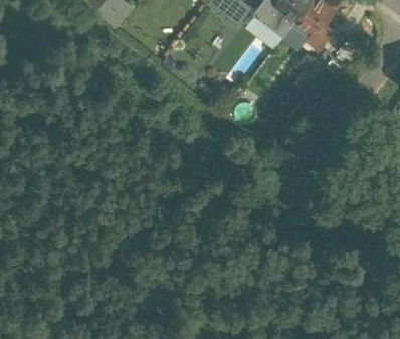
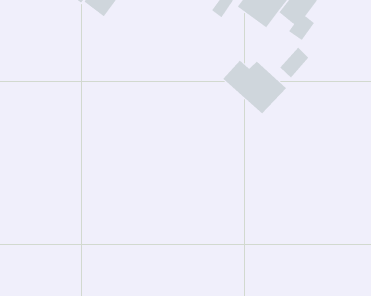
building: none -> [223,60,287,114]

